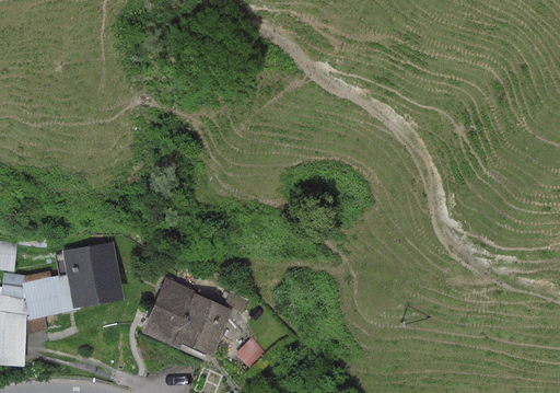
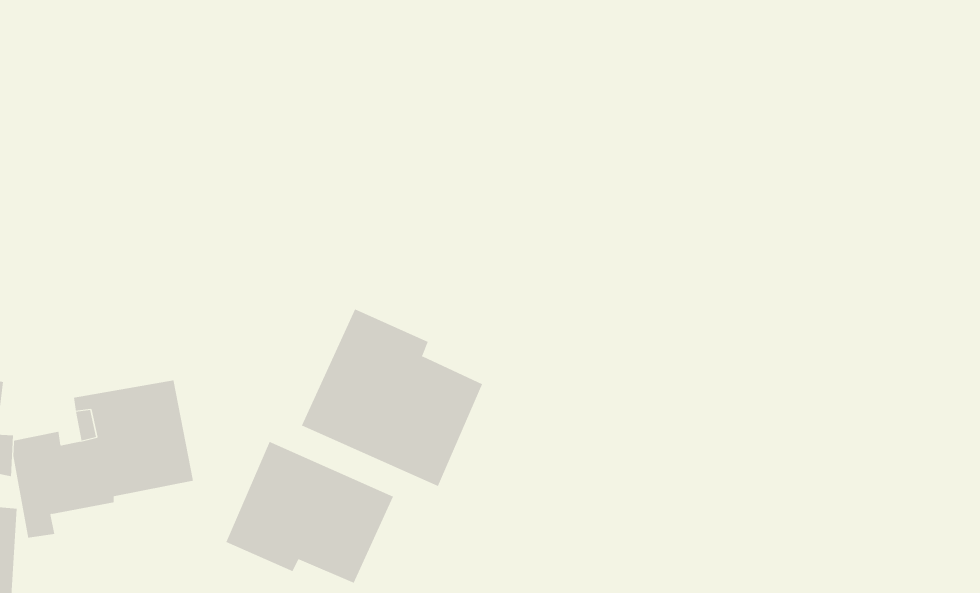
building: none -> [301,308,483,487]

